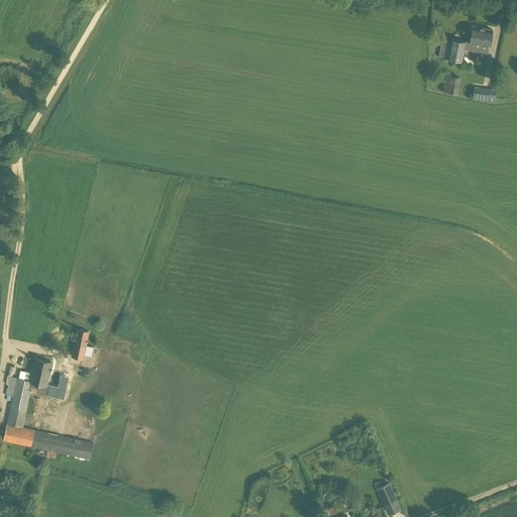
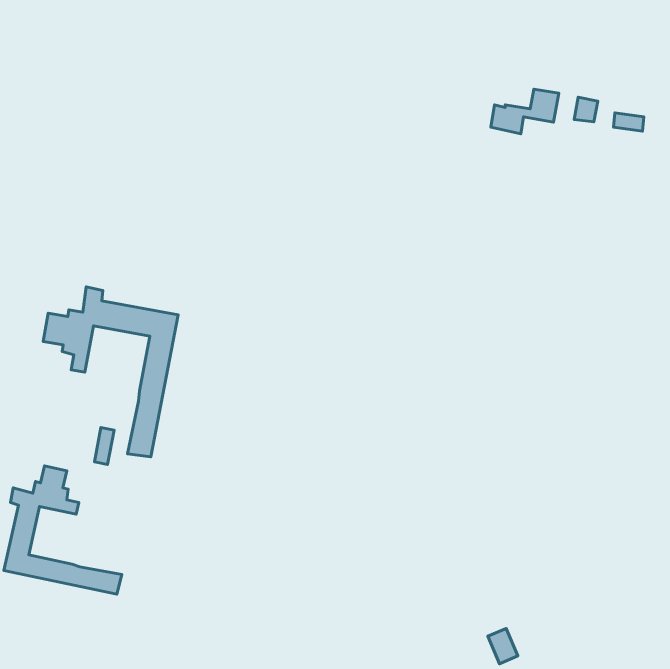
building: [439,27,492,62] -> [491,89,559,134]
building: none -> [43,287,178,457]

